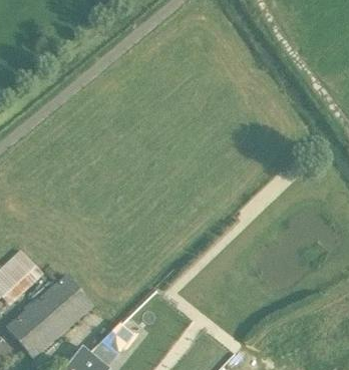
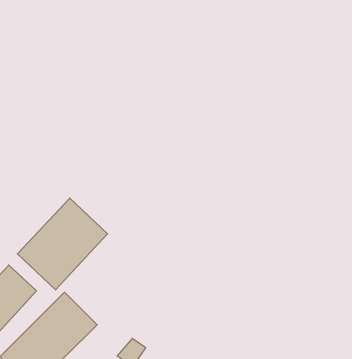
building: none -> [17,198,108,290]

